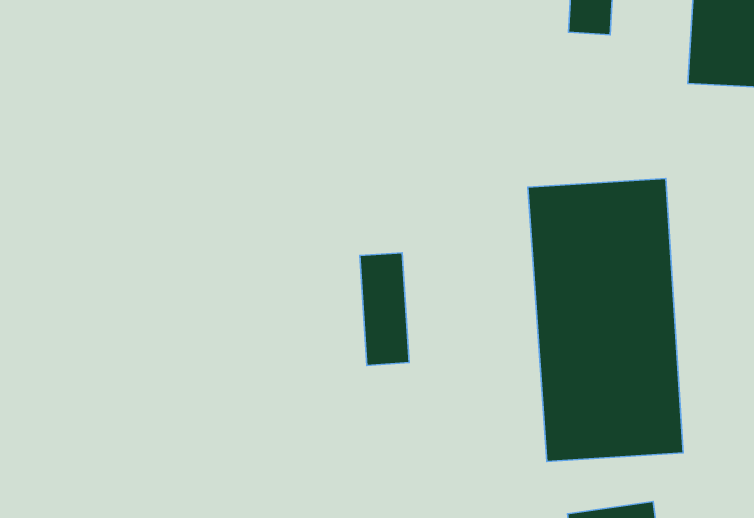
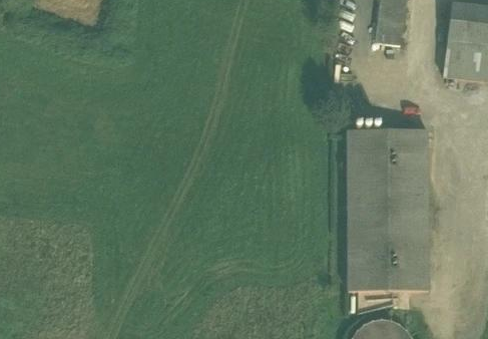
building: [360,253,409,365] -> none

